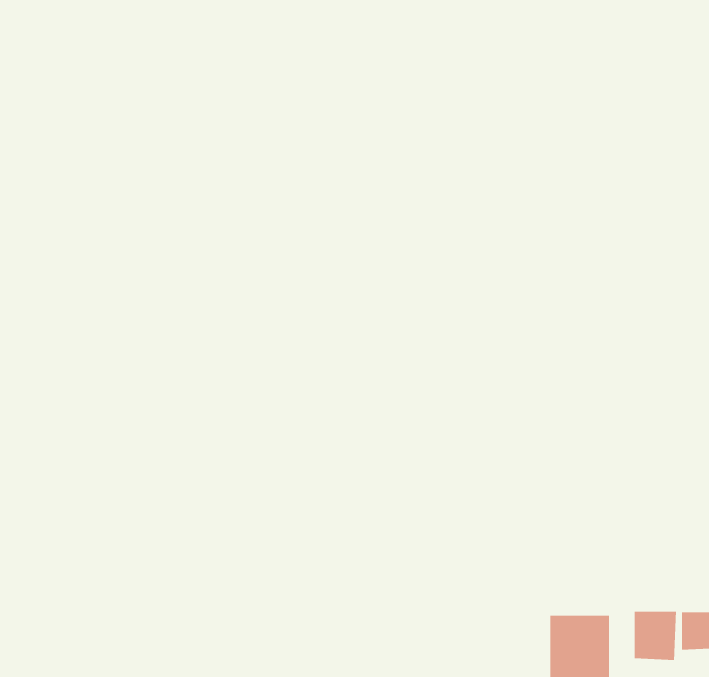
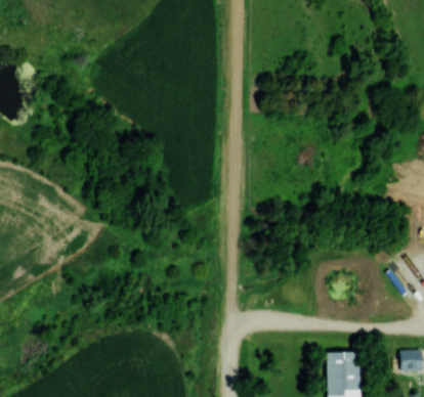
building: [634,611,677,661] -> none

